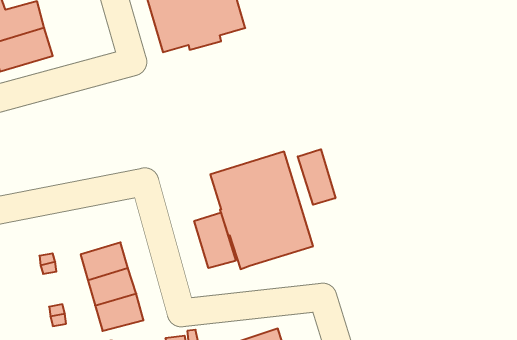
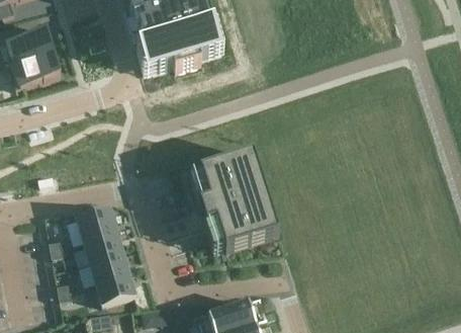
building: [298,149,335,205] -> none
building: [194,212,236,268] -> none
building: none -> [76,211,116,242]

